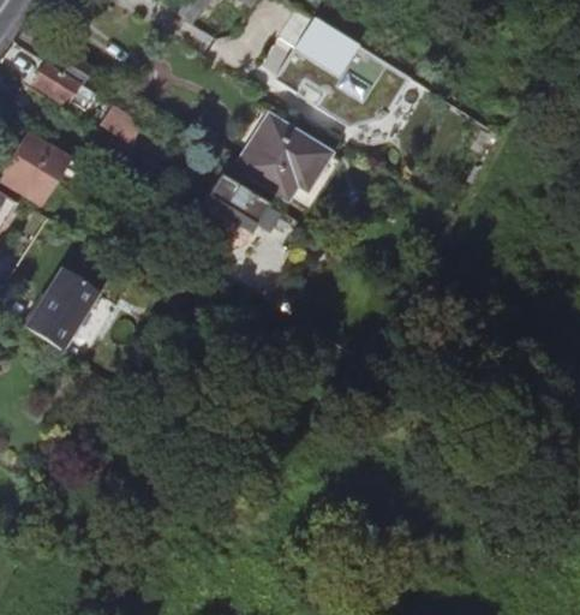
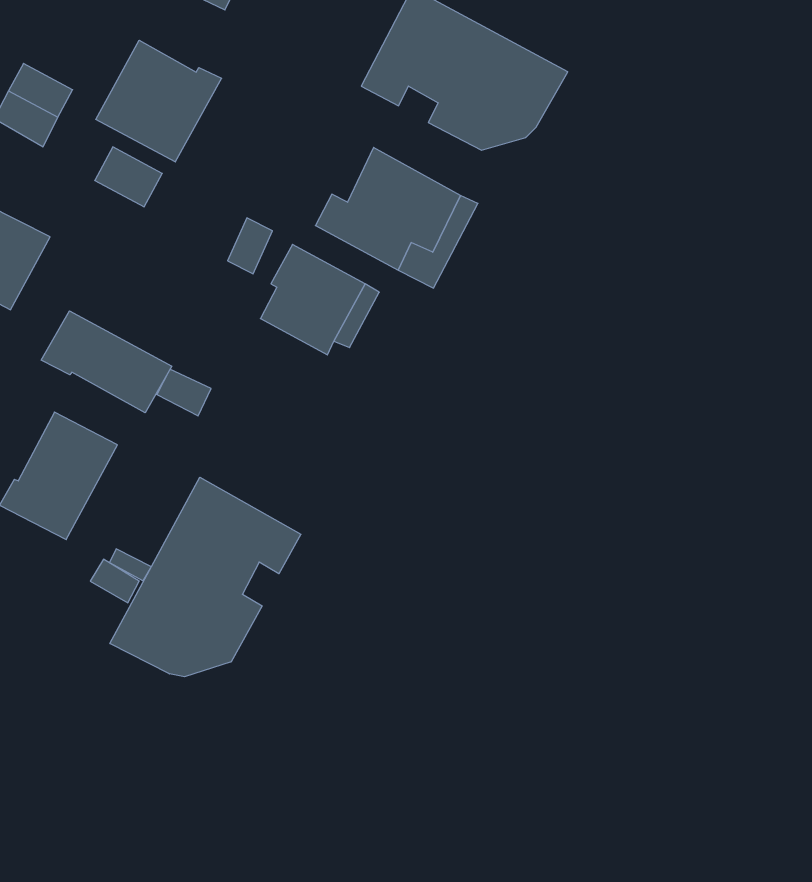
building: none -> [96,40,222,162]
building: none -> [41,311,172,413]
building: none -> [110,477,301,677]

